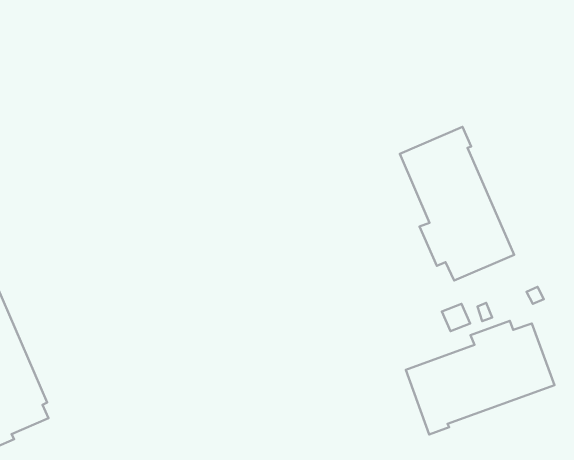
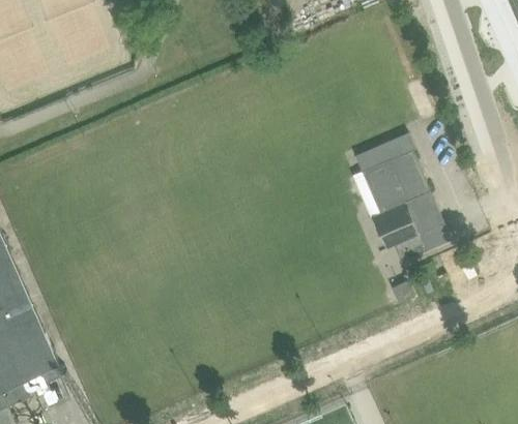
building: [406,321,555,434] -> none

